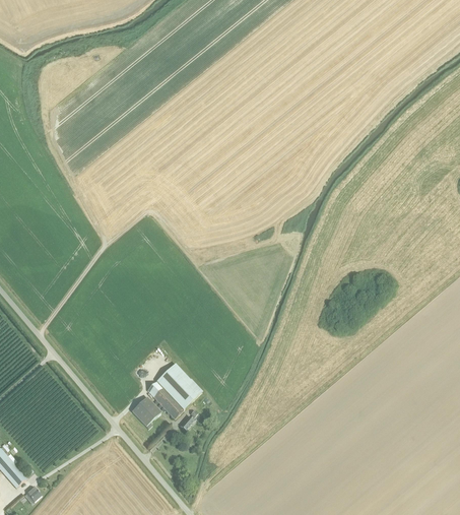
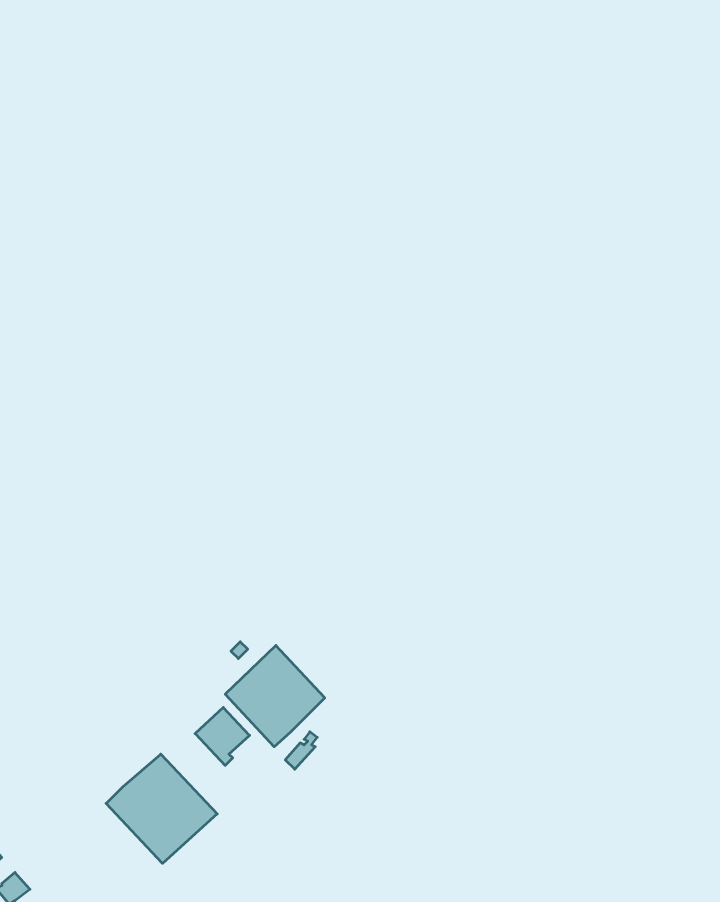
building: none -> [106,754,217,863]

